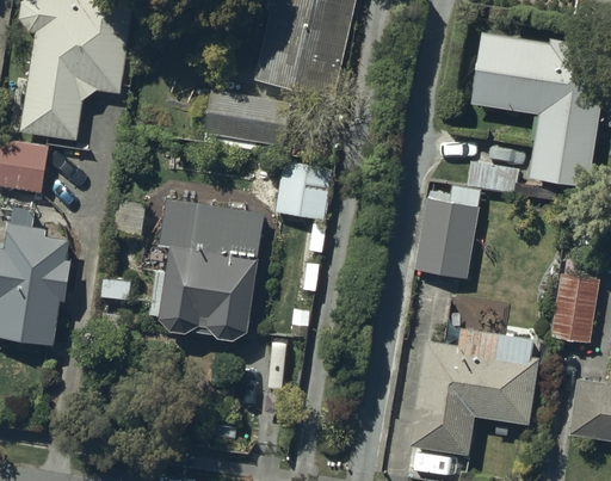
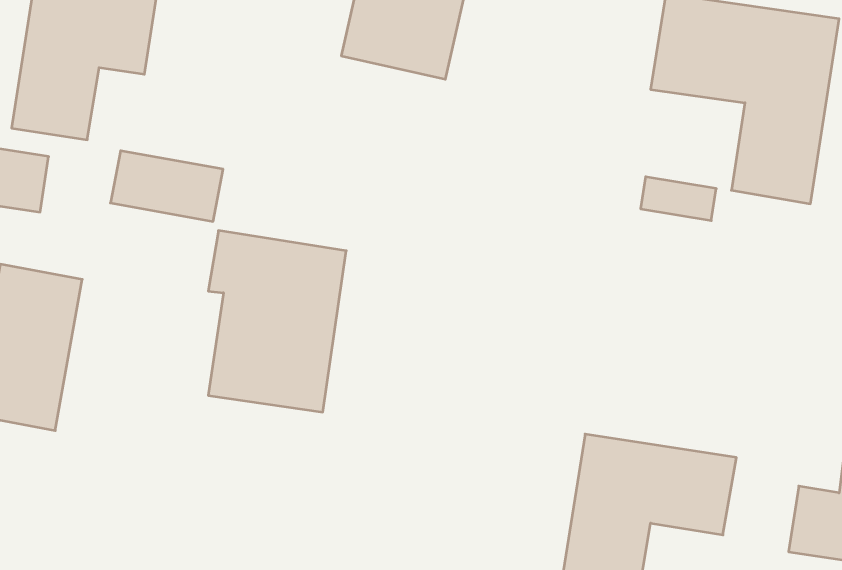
building: [204,93,284,143] -> [110,151,223,221]
building: [277,166,326,221] -> none
building: [418,204,475,279] -> none
building: [551,271,598,344] -> none

